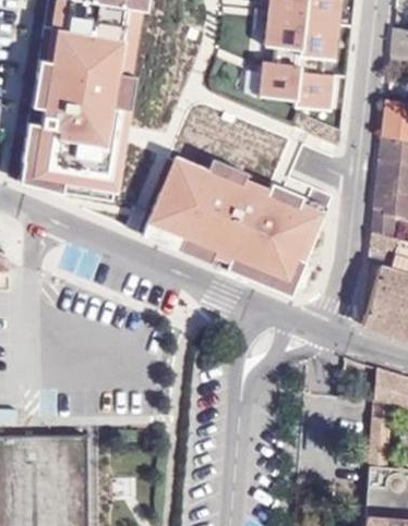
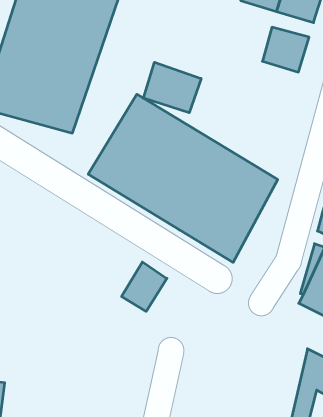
building: [253,52,296,93] -> none
building: none -> [143,62,201,113]
building: none -> [122,262,167,311]

